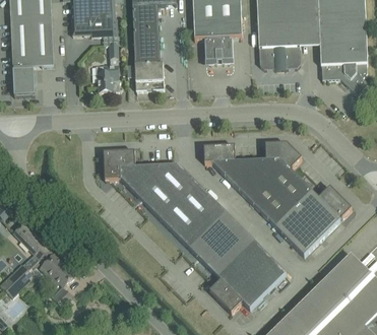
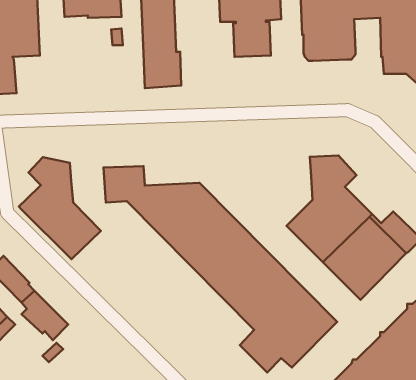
building: [99,62,121,89] -> none
building: none -> [19,157,101,259]
building: [204,143,267,196] -> none

